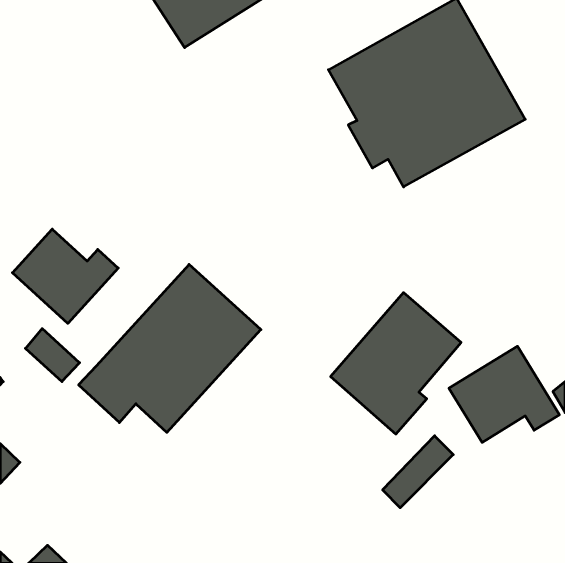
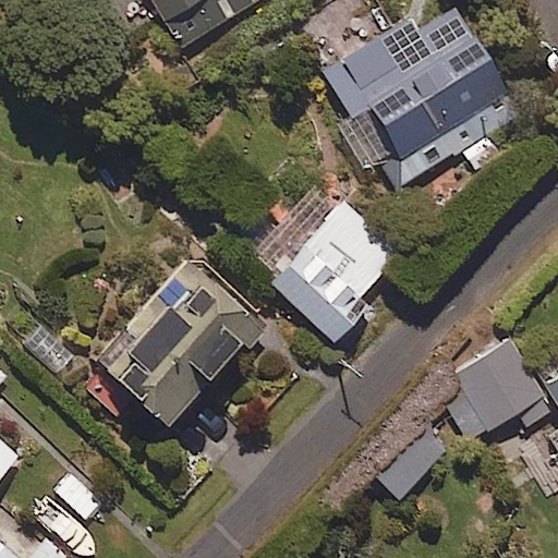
building: [12,229,118,323] -> none
building: [331,293,461,434] -> [270,202,399,341]

